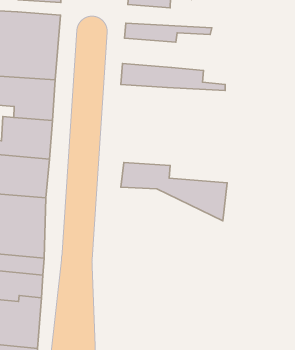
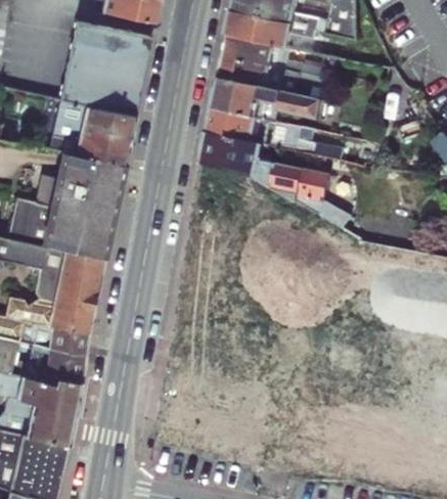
building: none -> [225,35,332,76]
building: none -> [215,76,322,119]
building: [121,163,227,221] -> [203,132,333,218]

